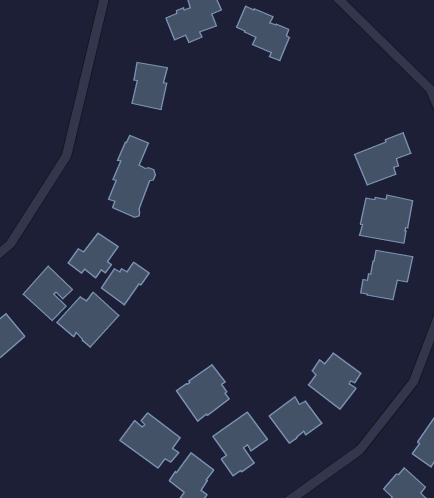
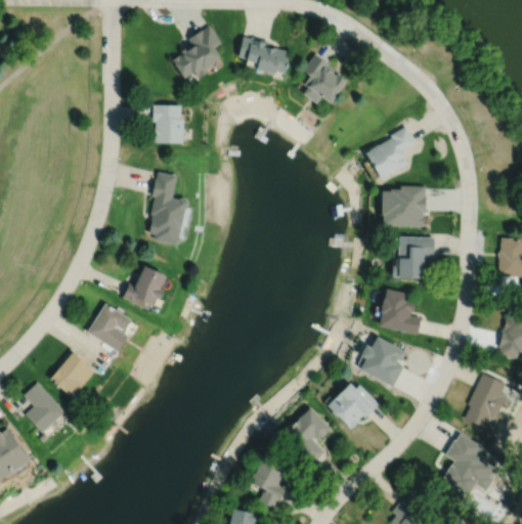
building: none -> [303,53,346,103]
building: [101,262,149,305] -> none
building: [57,292,119,347] -> none
building: none -> [380,290,422,335]
building: [176,365,229,421] -> none
building: [120,413,180,468] -> none

